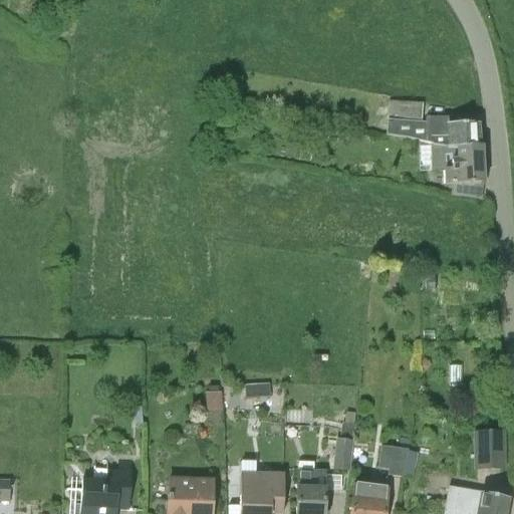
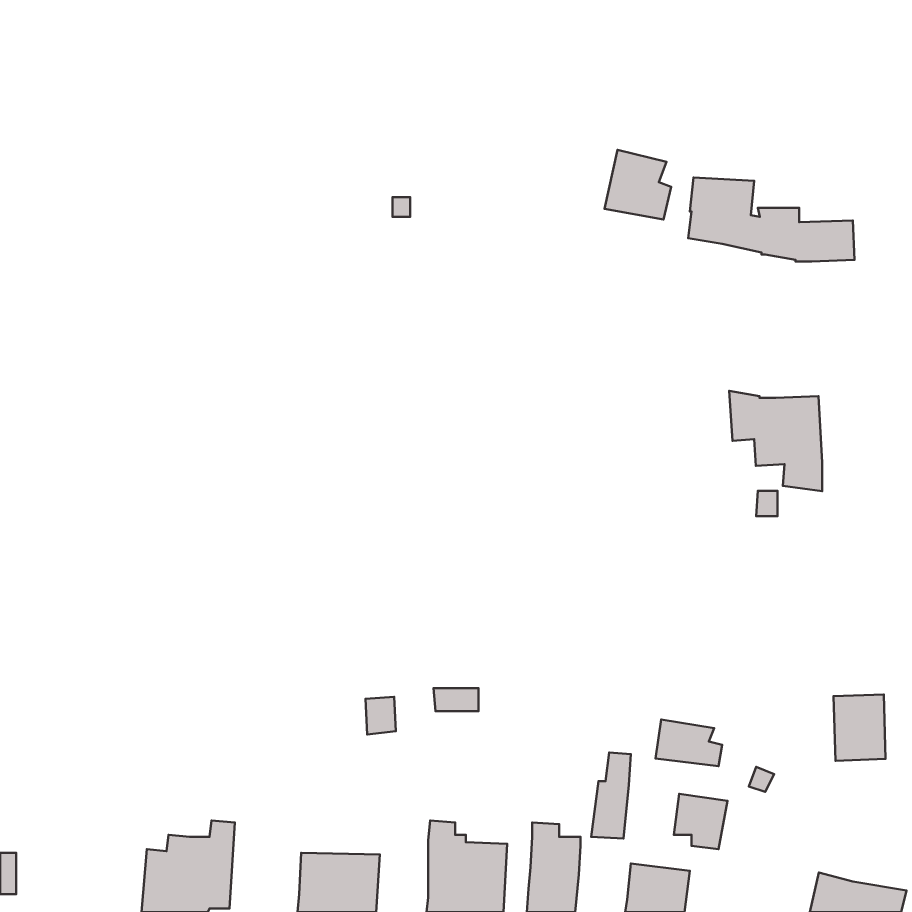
building: none -> [605,150,671,219]
building: [431,143,483,199] -> [729,391,822,491]
building: none -> [655,720,722,766]
building: [477,432,506,469] -> [834,694,886,761]

